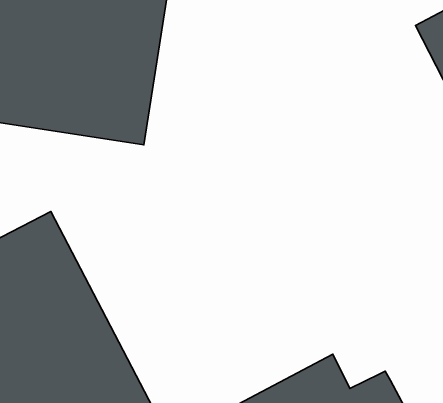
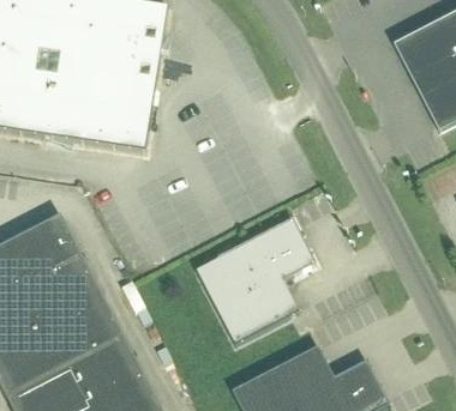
building: none -> [196,217,314,343]

